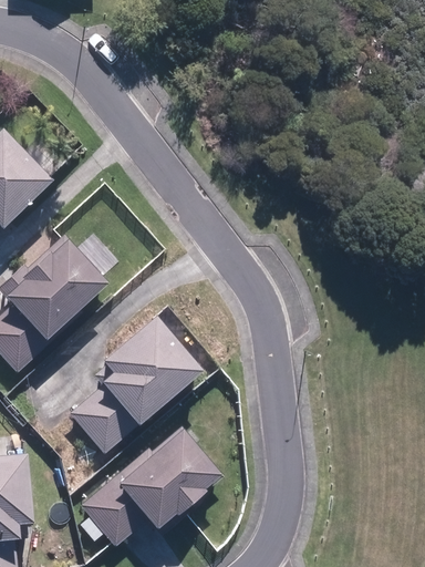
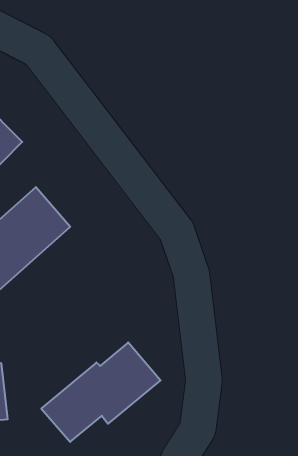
building: [66,317,203,456] -> none

